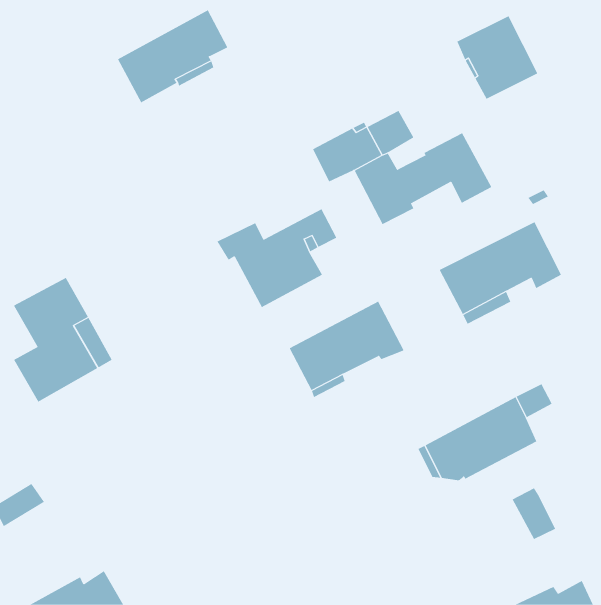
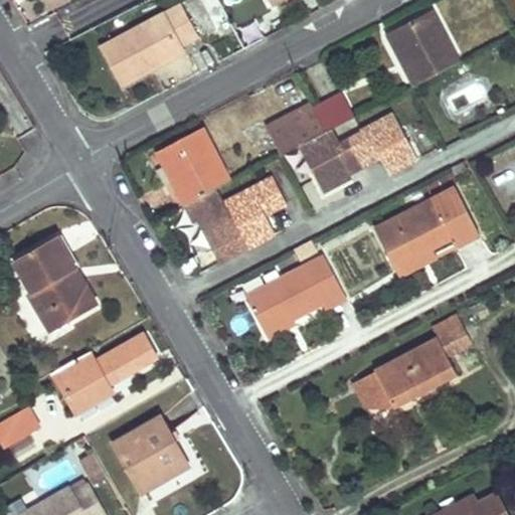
building: none -> [156,129,228,205]
building: none -> [54,337,153,413]
building: none -> [115,413,192,493]
building: [512,487,556,540] -> none

